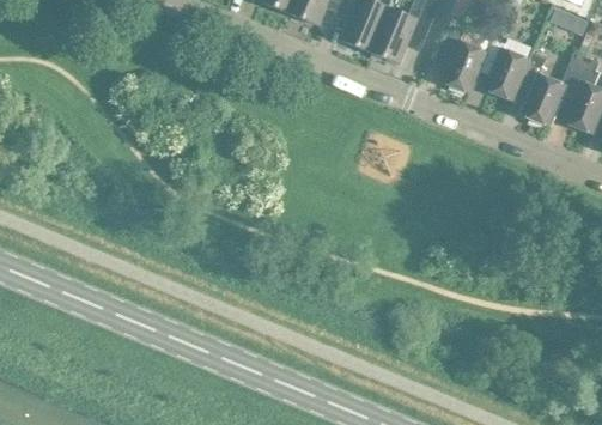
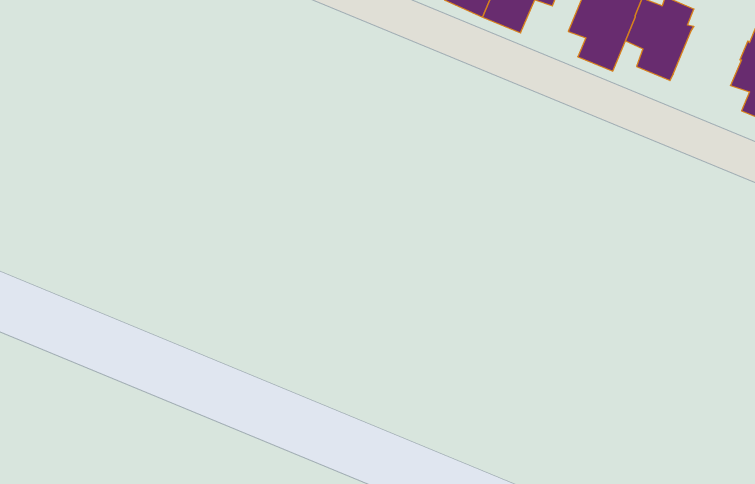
building: [513,51,565,125] -> none

